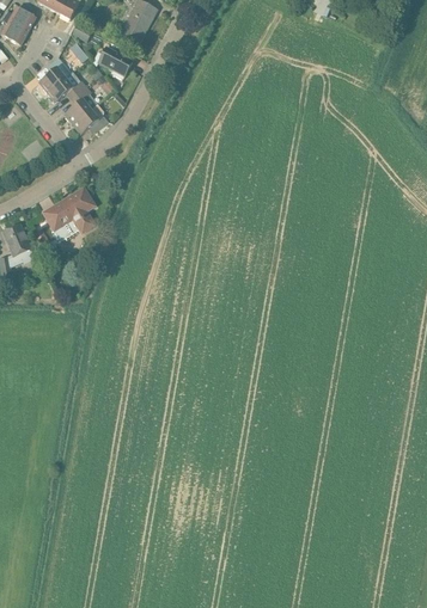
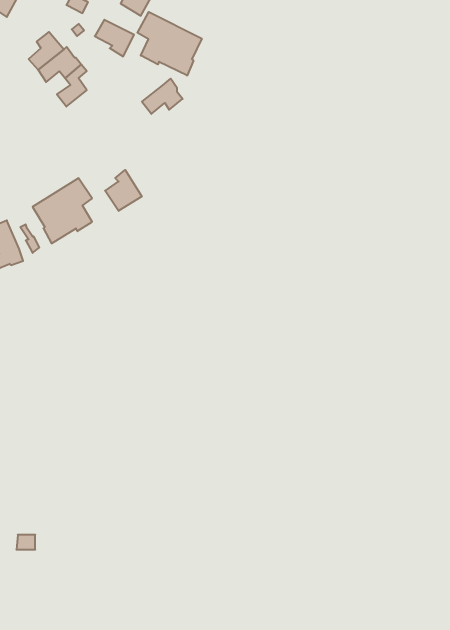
building: none -> [137,12,202,76]
building: [72,103,108,134] -> [142,79,183,114]
building: none -> [105,170,142,211]

